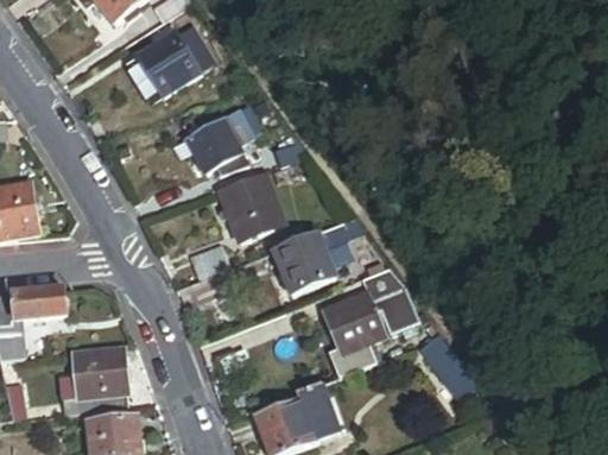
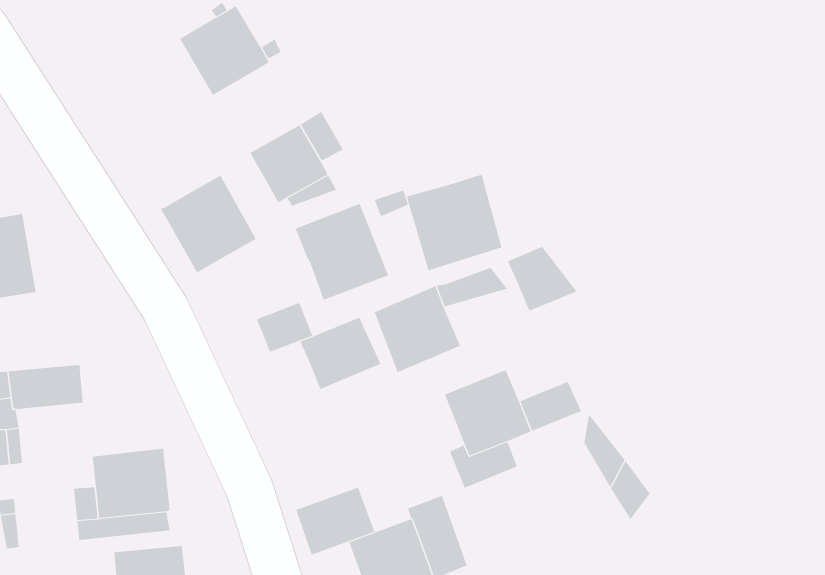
building: none -> [406,174,502,271]
building: none -> [160,175,257,273]
building: none -> [299,317,381,390]
building: [361,267,411,314] -> [507,246,578,312]
building: none -> [296,487,375,556]

